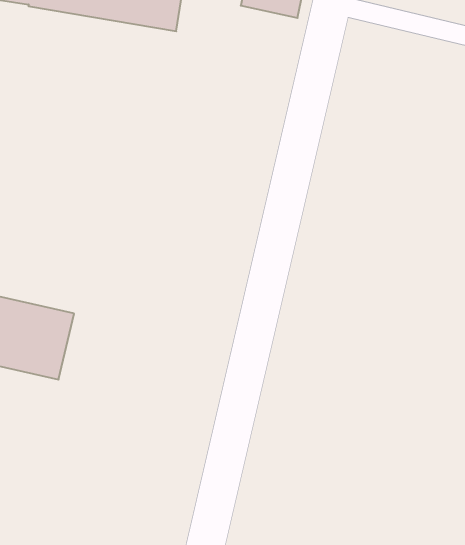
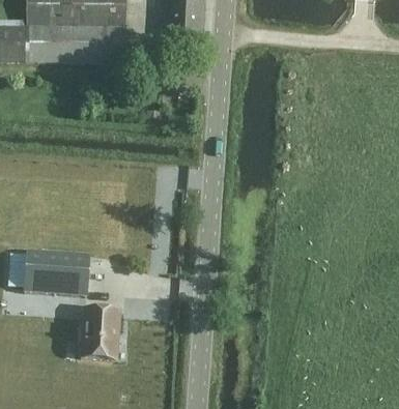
building: none -> [80,305,118,358]

